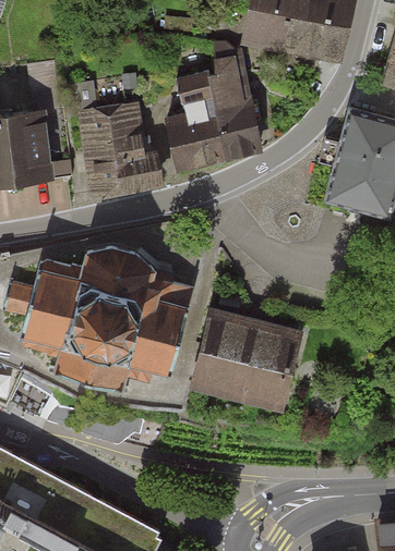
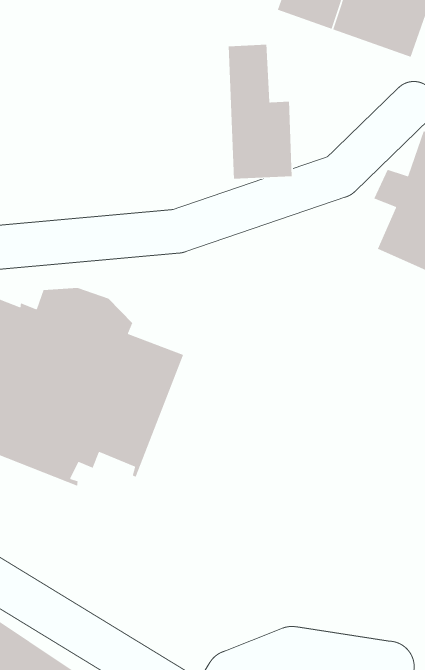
building: [166,83,217,164] -> none
building: [81,105,157,191] -> none
building: [195,311,294,406] -> none

